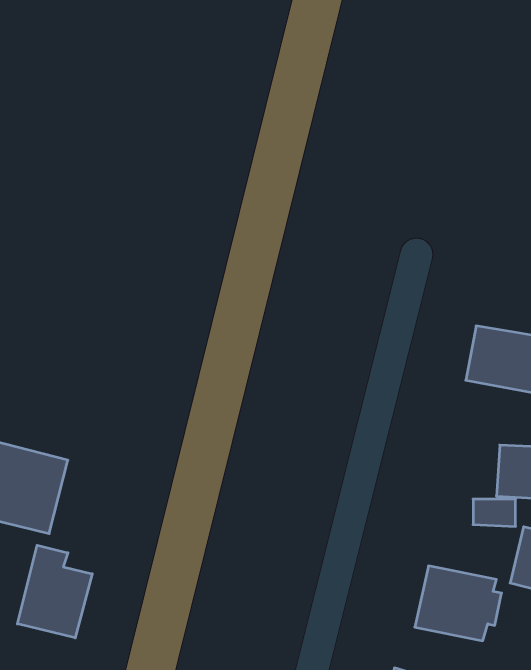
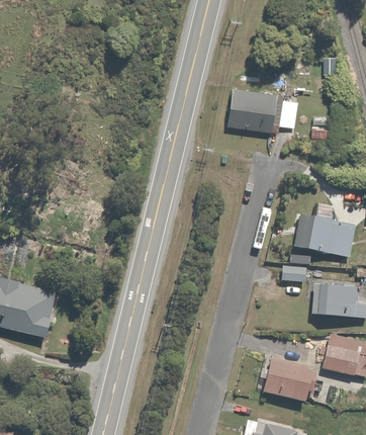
building: none -> [227,86,298,132]
building: [473,499,516,526] -> [283,264,308,280]
building: [17,545,92,638] -> none

